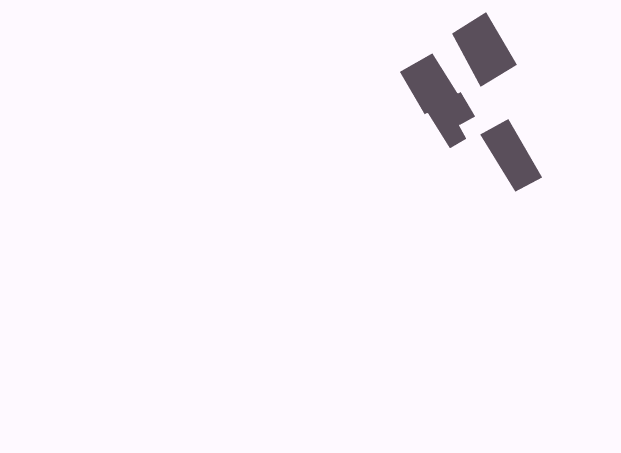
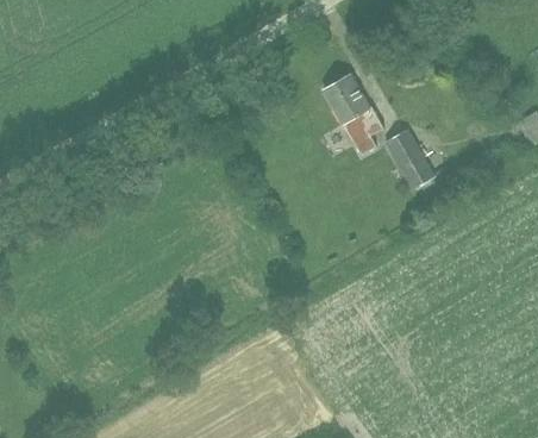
building: [451,11,518,88] -> none

